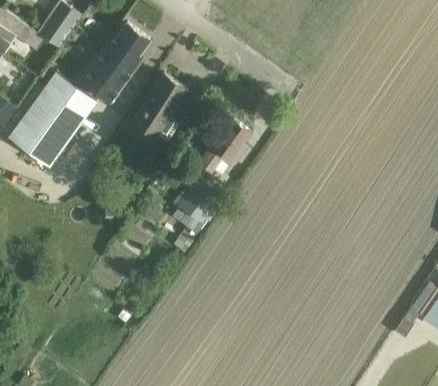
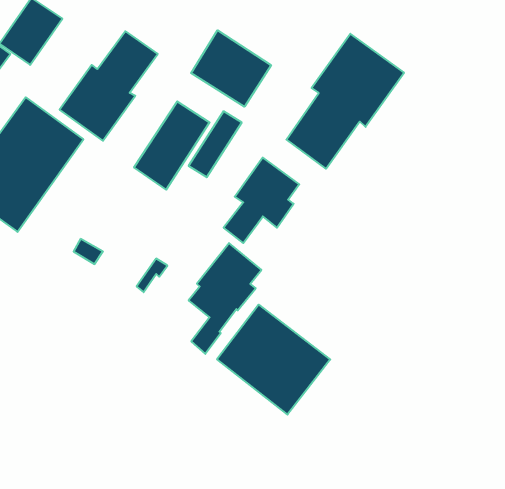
building: none -> [191,30,271,107]
building: none -> [286,34,404,169]
building: none -> [217,305,330,415]

